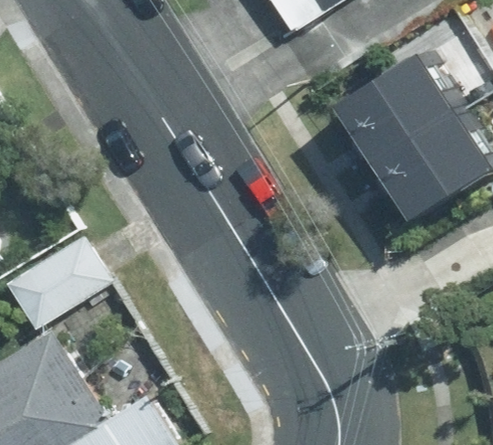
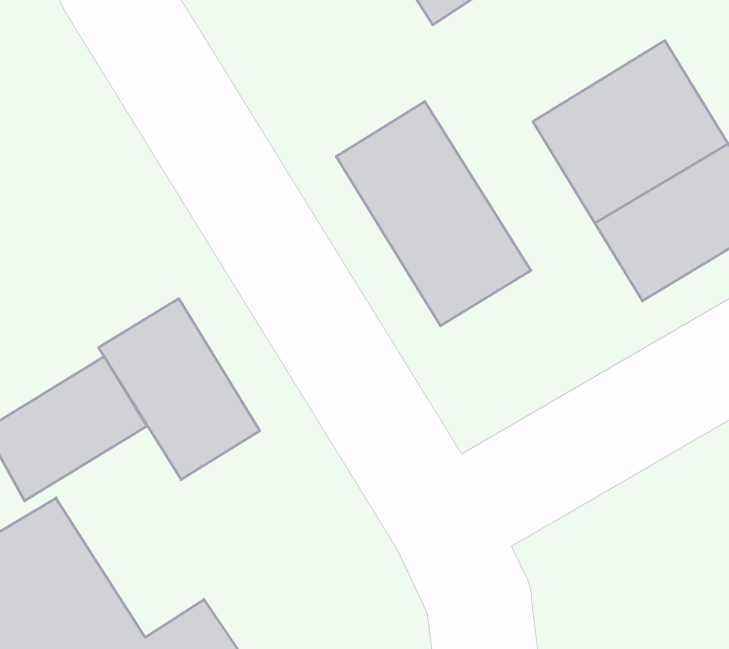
building: none -> [336,101,531,326]
building: none -> [98,299,260,480]

